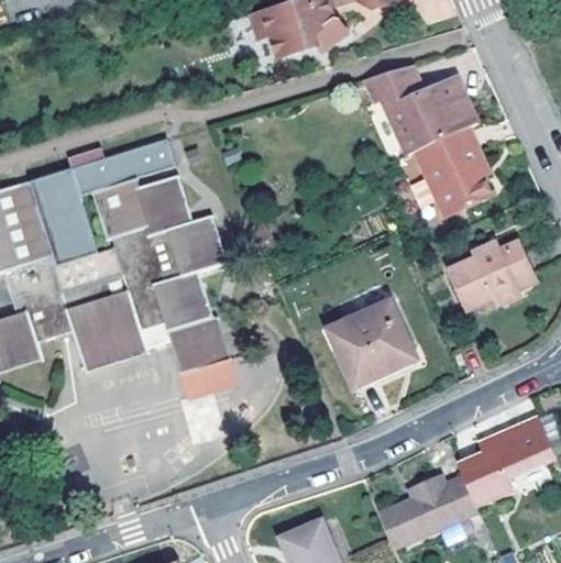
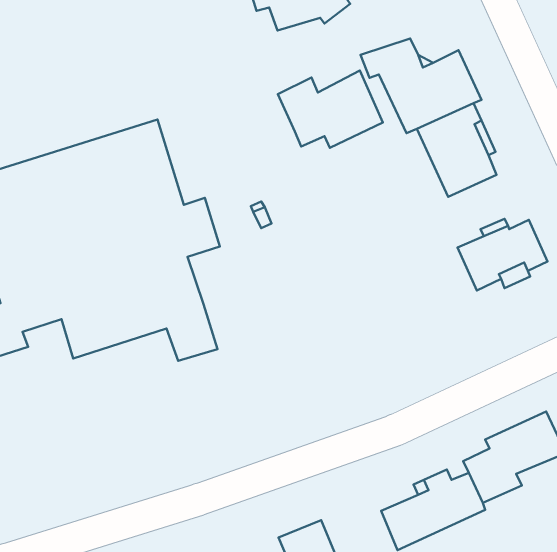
building: none -> [278,70,383,148]
building: [331,301,415,385] -> none
building: [185,360,230,394] -> none

